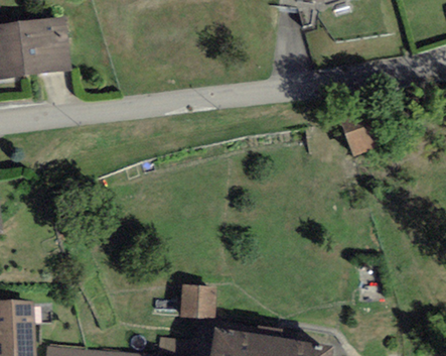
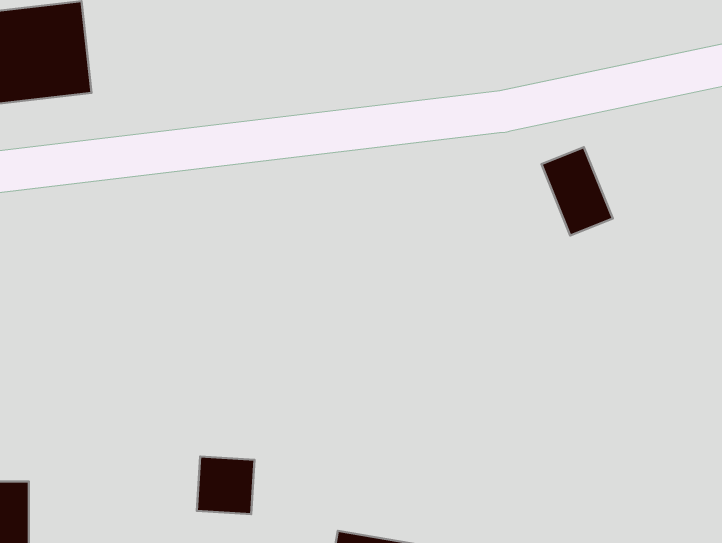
building: [180,283,214,318] -> [197,457,255,514]

